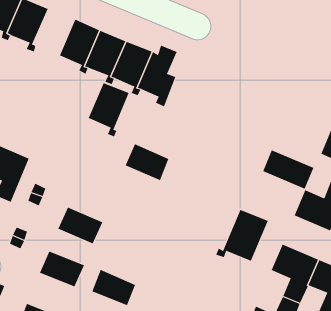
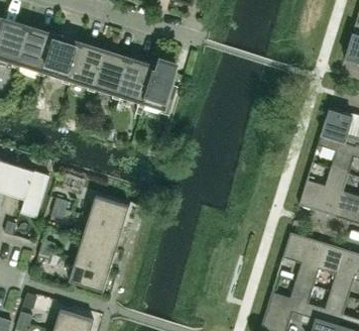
building: [88,83,130,137] -> [42,35,79,85]
building: [125,144,169,181] -> [89,196,129,228]
building: [263,149,314,189] -> none
building: [216,209,269,262] -> none
building: [92,269,136,306] -> [76,238,116,269]

